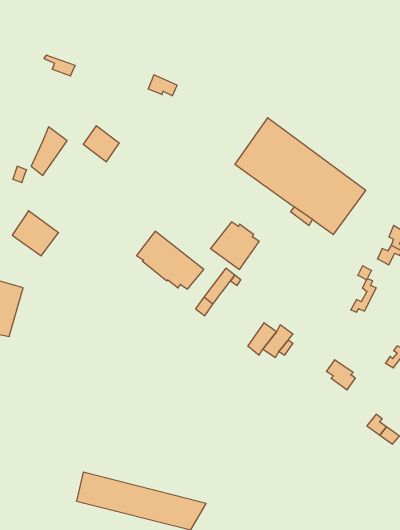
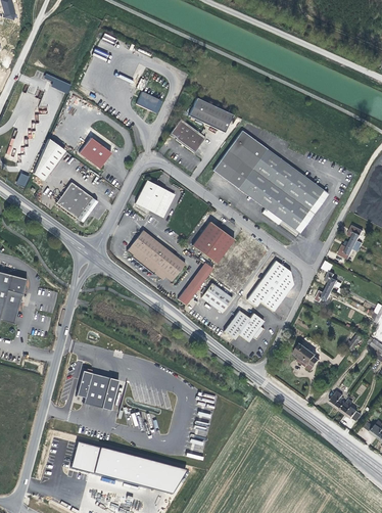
building: none -> [188,97,233,132]
building: none -> [169,119,205,152]
building: none -> [134,179,175,217]
building: [12,211,59,256] -> [56,181,97,221]
building: none -> [246,261,293,311]
building: none -> [200,282,232,312]
building: none -> [78,370,120,410]

